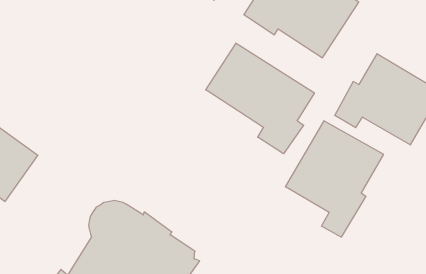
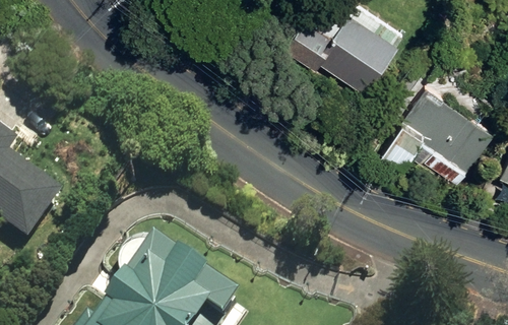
building: [206,43,314,154] -> none
building: [286,121,383,237] -> none

